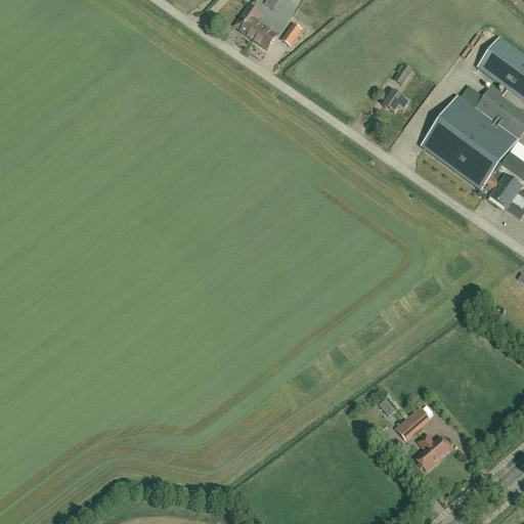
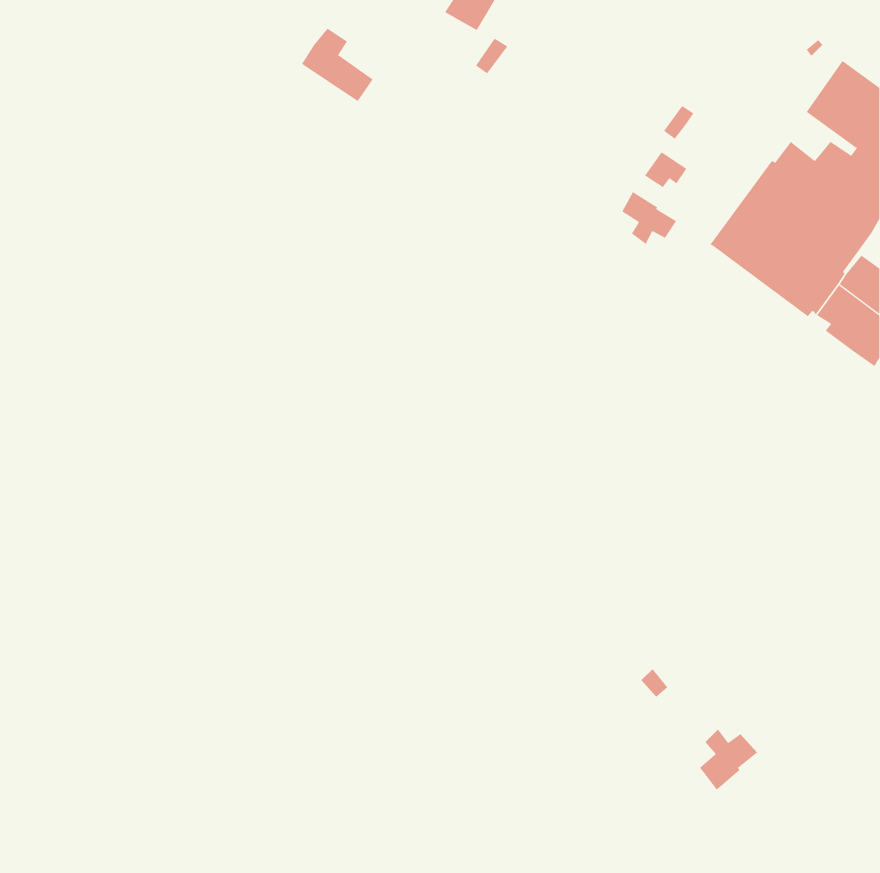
building: [234,4,277,48] -> [301,28,374,102]
building: none -> [622,191,677,245]
building: [396,406,430,438] -> none

